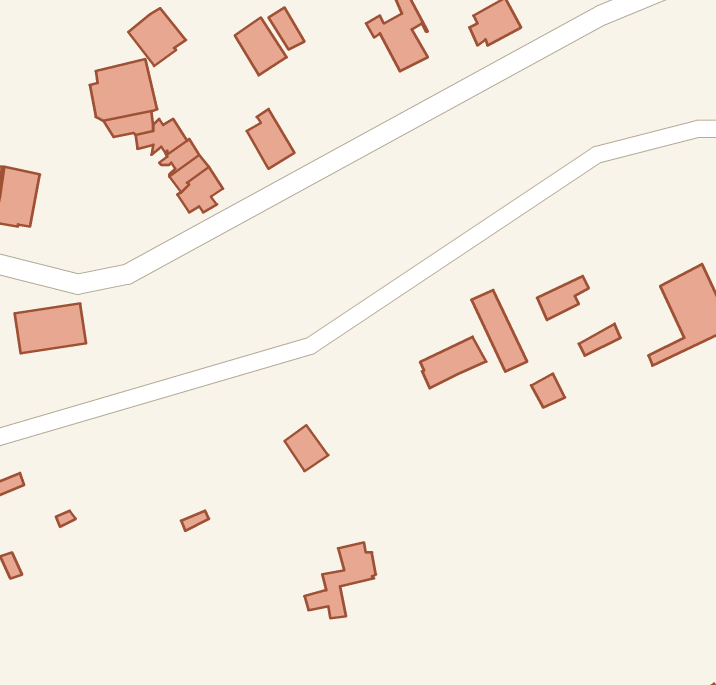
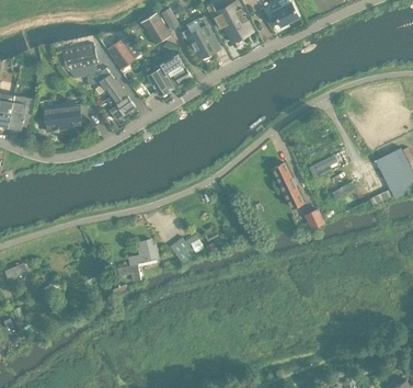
building: [128,8,186,66] -> [108,36,140,68]
building: none -> [183,15,215,58]
building: none -> [160,53,192,87]
building: [15,304,86,353] -> [44,103,83,130]
building: [420,337,486,388] -> none
building: [304,543,376,618] -> [117,239,157,281]

